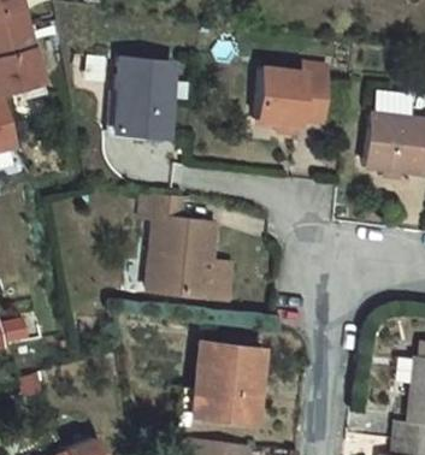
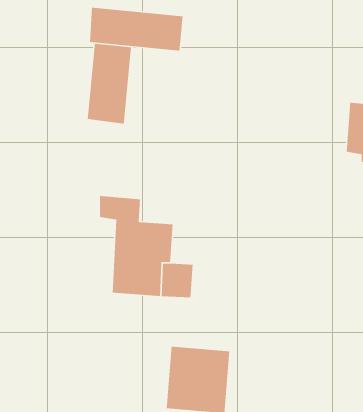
building: none -> [89,7,184,51]
building: [261,64,332,123] -> none

